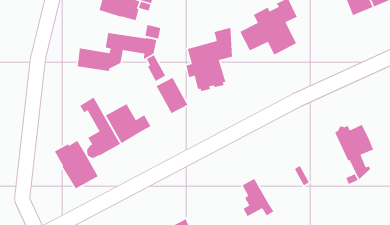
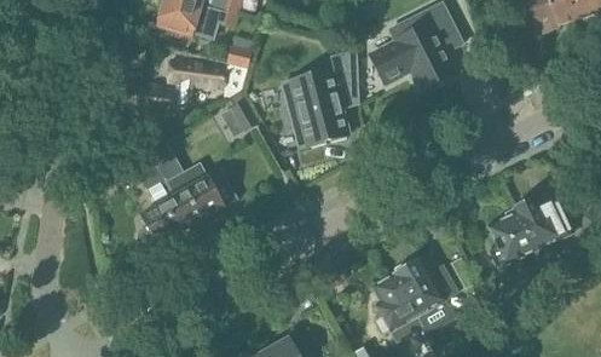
building: [155,77,189,114] -> none
building: none -> [485,212,531,265]
building: [54,140,99,190] -> none
building: none -> [391,259,458,334]

